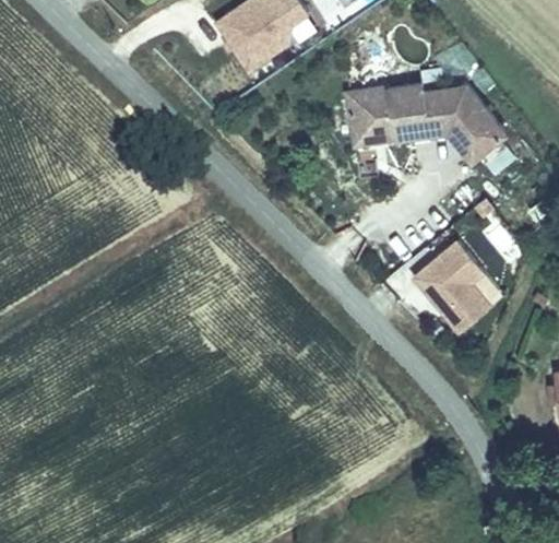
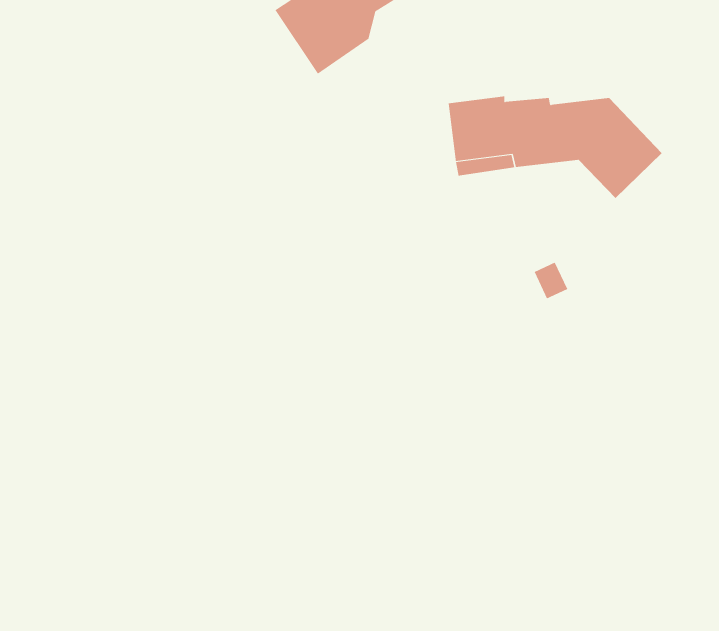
building: [412,238,490,332] -> none

